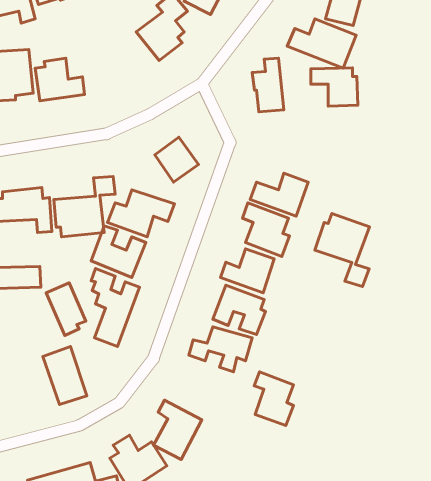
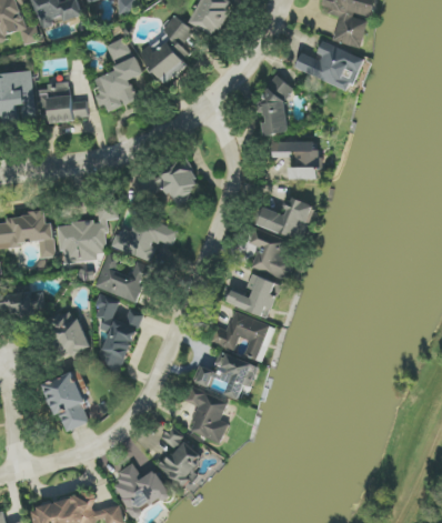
building: none -> [93,36,140,112]
building: [311,68,358,106] -> [271,140,319,179]
building: [315,213,370,286] -> none
building: [254,372,293,425] -> [187,388,227,442]

